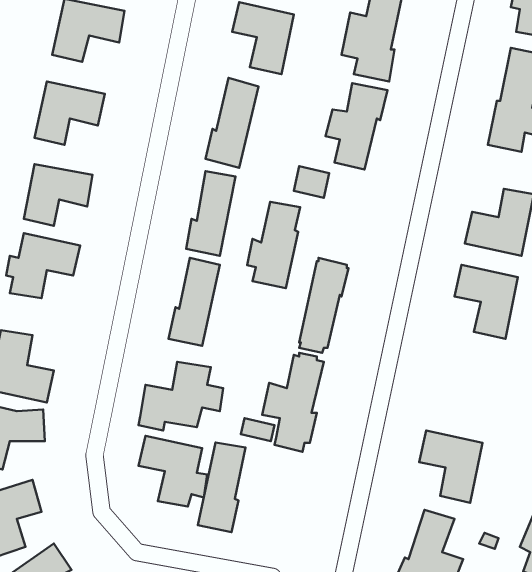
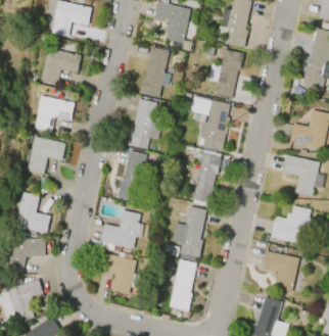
building: [247,202,300,288] -> [199,100,230,150]
building: none -> [271,205,311,244]
building: [198,442,246,532] -> [169,259,196,311]

